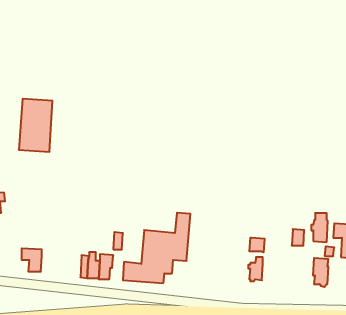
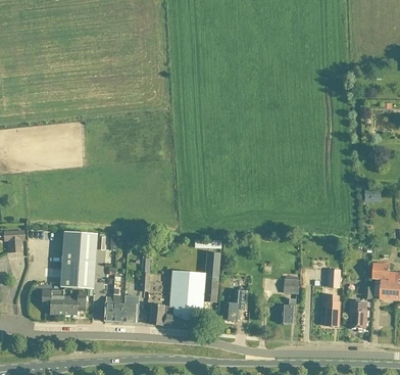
building: [19,99,52,152] -> [60,231,96,287]
building: [311,213,328,242] -> [322,294,340,325]
building: none -> [62,290,85,315]
building: none -> [224,290,247,321]

